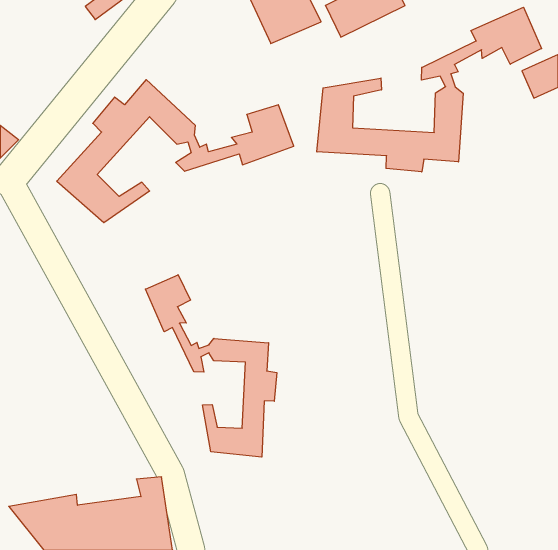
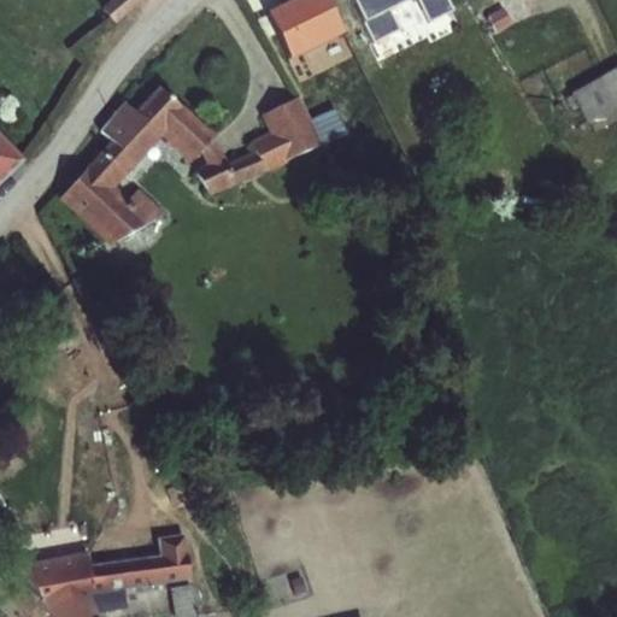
building: [317,7,542,172] -> none
building: [145,275,277,457] -> none

